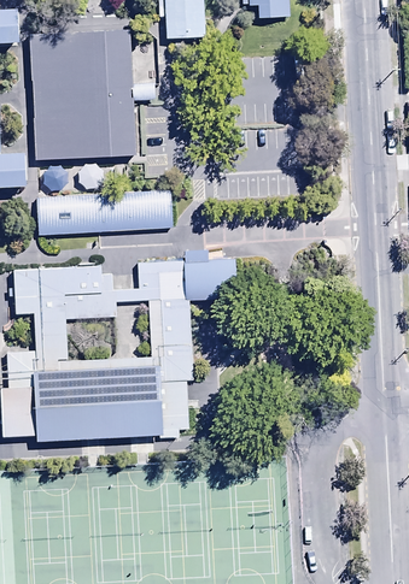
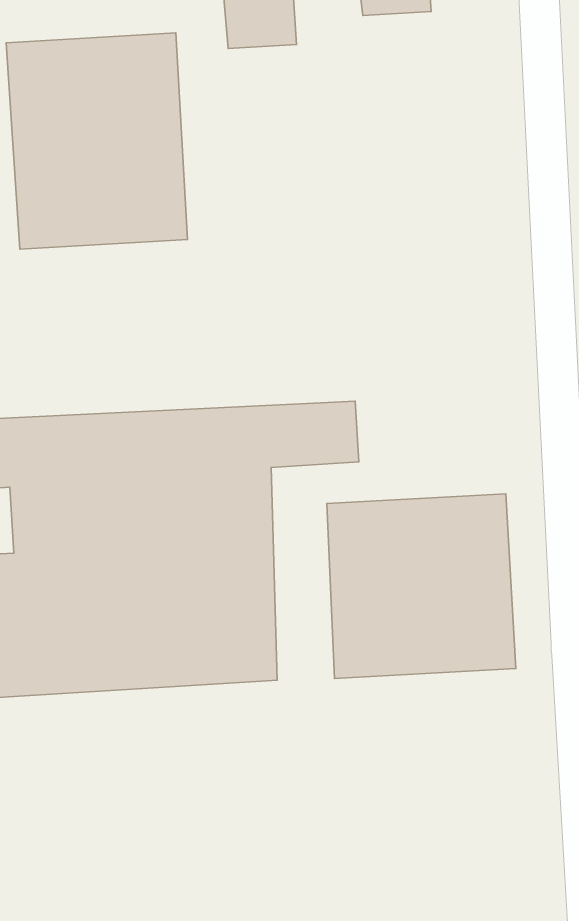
building: [36,187,174,235] -> none
building: none -> [327,494,516,679]

